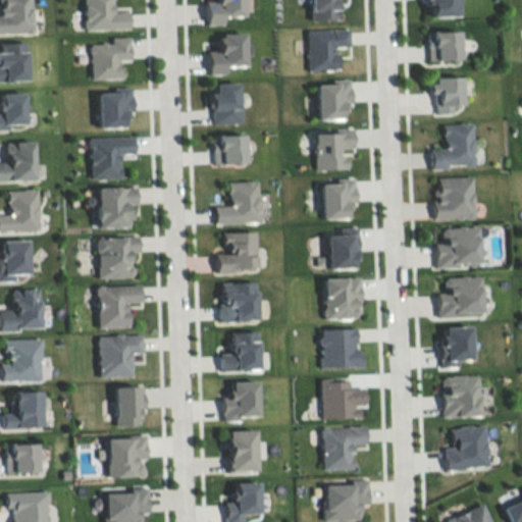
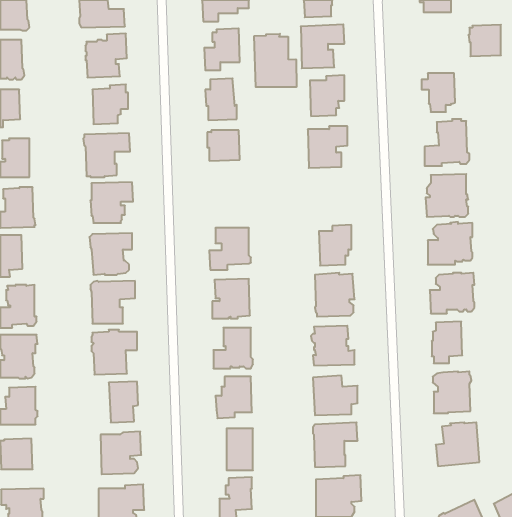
building: [429,30,462,61] -> [468,25,501,56]
building: none -> [254,34,296,87]
building: [321,178,357,219] -> none
building: [215,180,263,225] -> none

